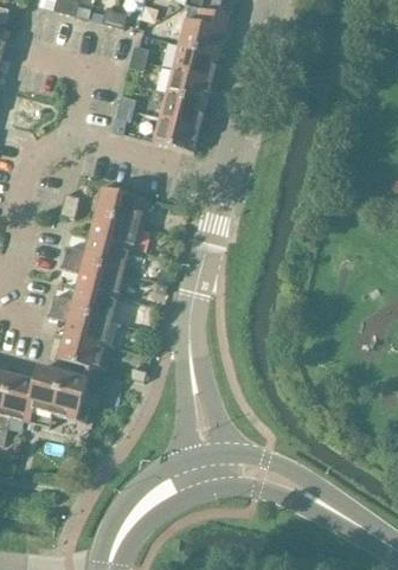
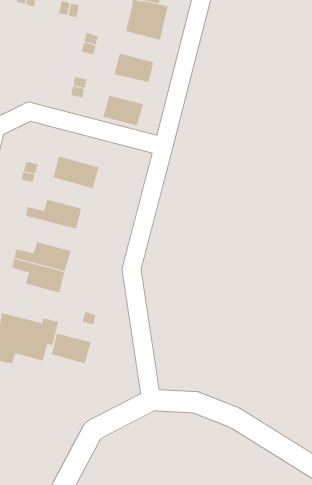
building: [172,43,219,78] -> none
building: [160,92,206,127] -> none
building: [89,211,142,249] -> none
building: [60,255,123,295] -> none
building: [58,333,104,369] -> [51,333,91,364]

